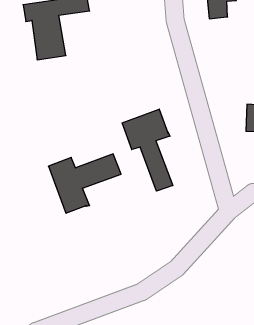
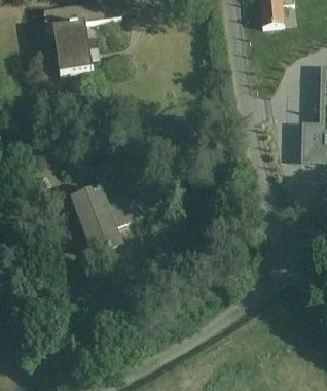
building: [122,109,173,191] -> none

